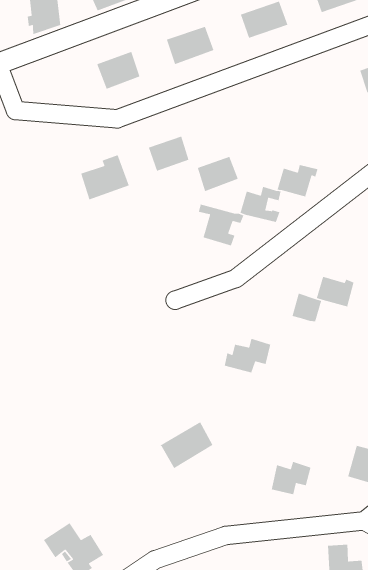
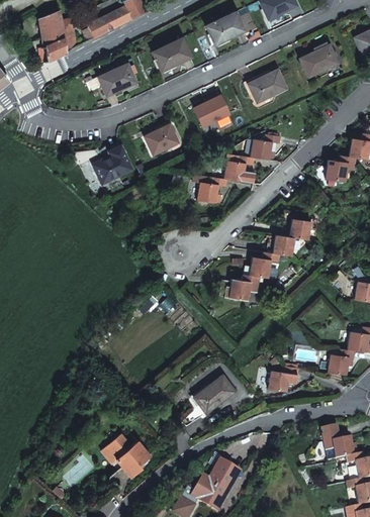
building: none -> [248,69,286,101]
building: [197,156,239,192] -> [196,96,229,126]
building: none -> [249,252,279,279]
building: [160,421,213,469] -> [192,375,234,414]

